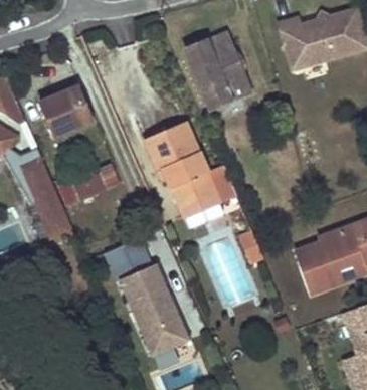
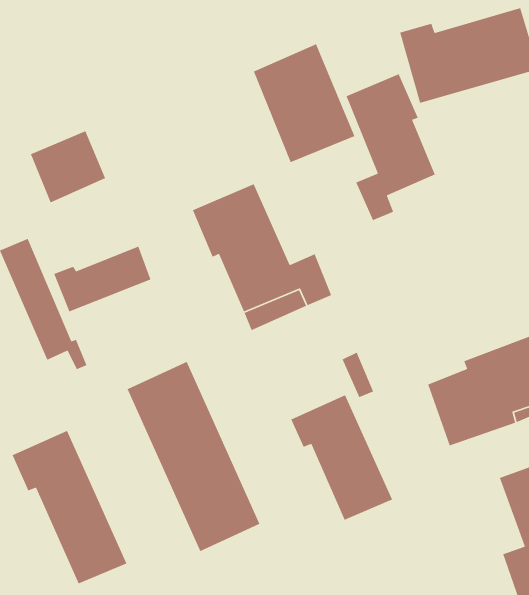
building: none -> [345,73,436,221]
building: none -> [290,394,393,521]
building: none -> [11,430,127,585]

